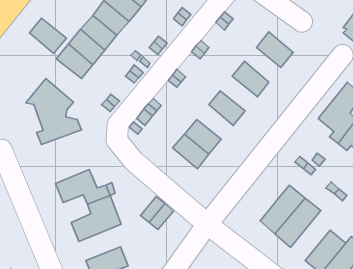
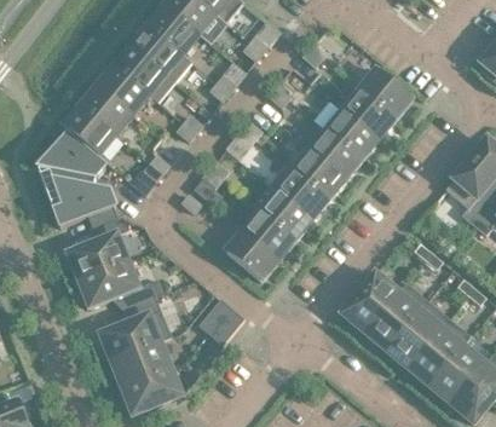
building: [29,18,67,54] -> [63,105,115,155]
building: none -> [342,90,393,138]
building: none -> [308,129,361,178]
building: none -> [276,169,327,218]
building: none -> [68,215,128,279]
building: none -> [225,230,277,279]
building: none -> [341,273,397,331]
building: none -> [406,317,471,387]
building: none -> [111,341,169,387]

